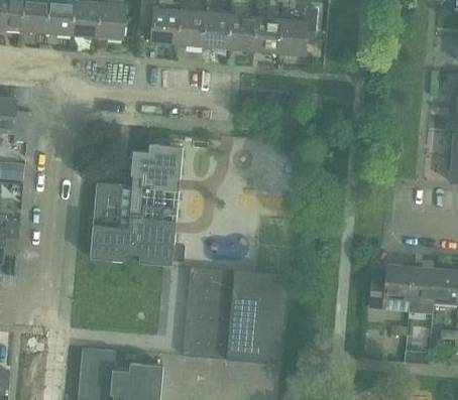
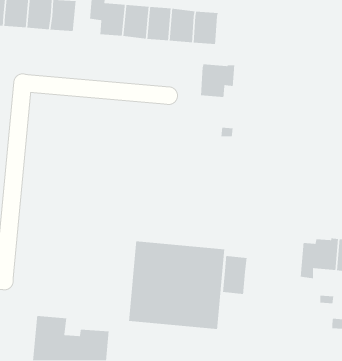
building: [278,18,317,55] -> [200,64,235,98]
building: [91,144,183,266] -> none
building: none -> [222,255,247,295]

